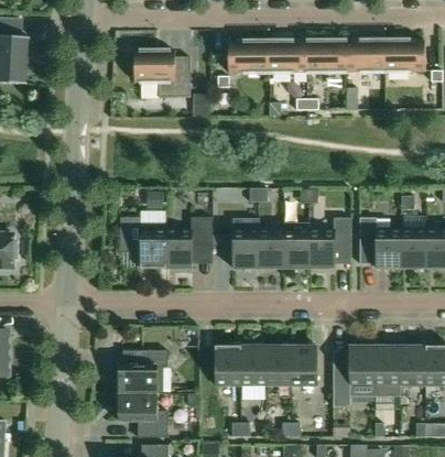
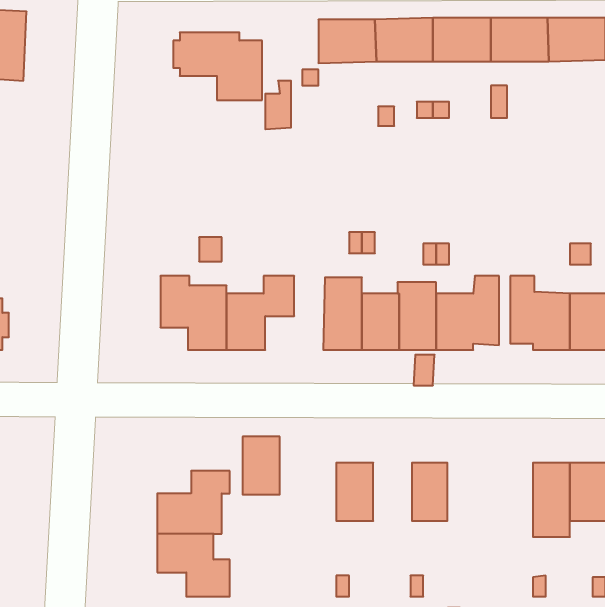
building: [215,345,240,384] -> [243,437,280,495]
building: [265,345,292,384] -> none
building: [333,345,375,406] -> none

